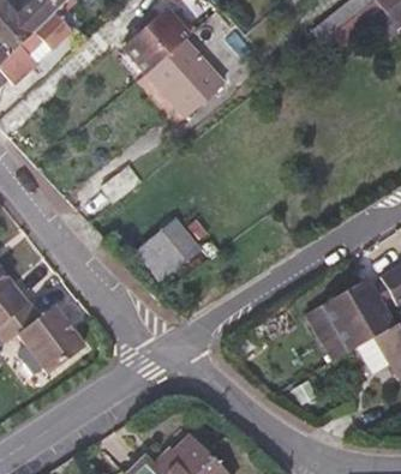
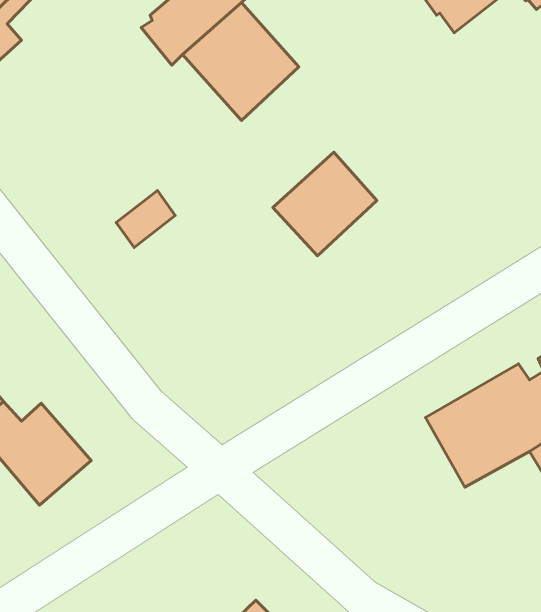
building: [133,211,203,281] -> [273,152,377,256]

